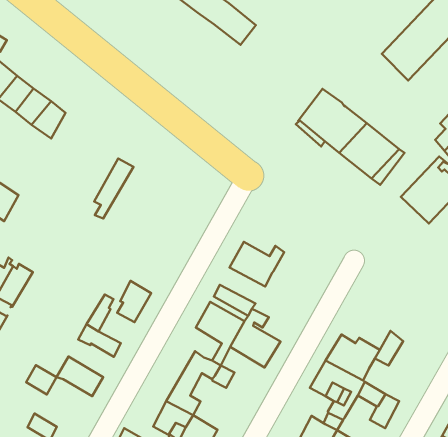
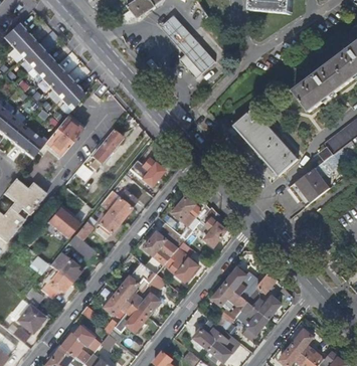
building: none -> [44,117,81,155]
building: none -> [125,158,163,190]
building: none -> [100,190,137,220]
building: none -> [197,205,226,245]
building: none -> [47,207,78,238]
building: none -> [247,293,281,317]
building: none -> [40,266,70,297]
building: none -> [134,289,161,316]

